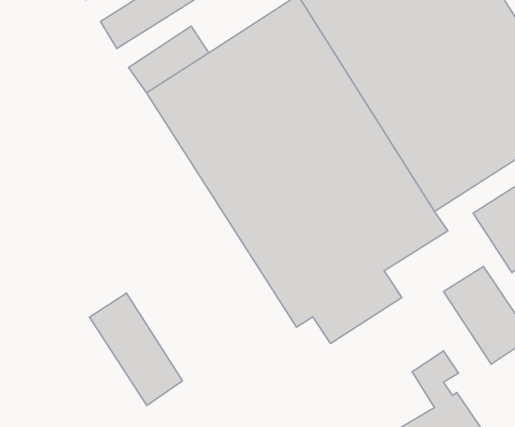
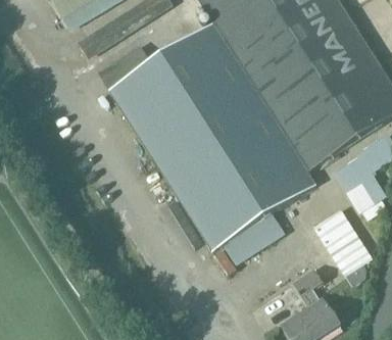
building: [89,293,183,405] -> none

